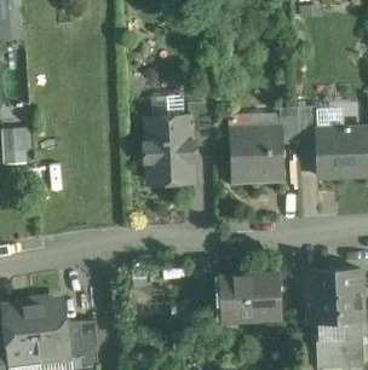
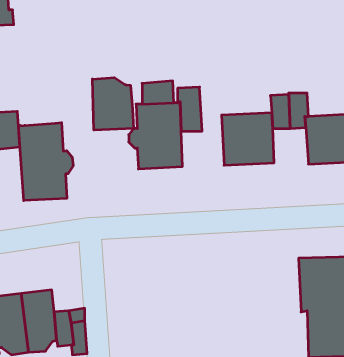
building: none -> [92,78,134,130]
building: none -> [18,123,73,201]
building: [218,273,277,320] -> none

